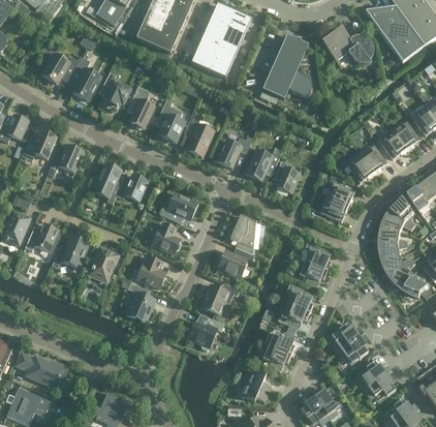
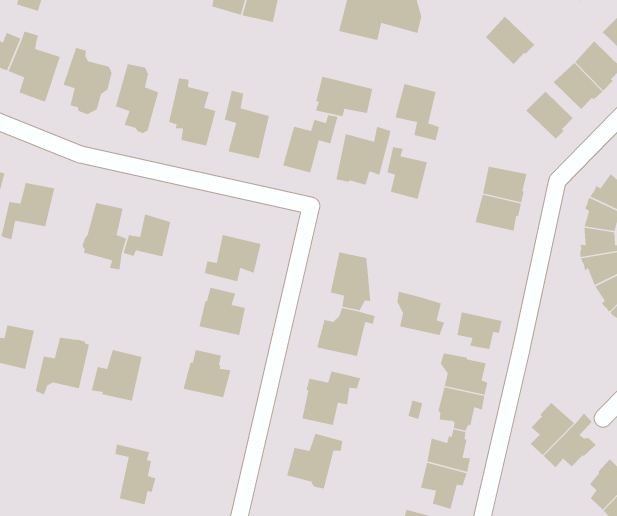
building: none -> [315,76,373,117]
building: none -> [395,83,440,141]
building: [347,152,375,181] -> [485,16,535,65]
building: [304,240,331,270] -> [396,291,445,336]
building: [126,281,150,319] -> [115,443,157,505]

